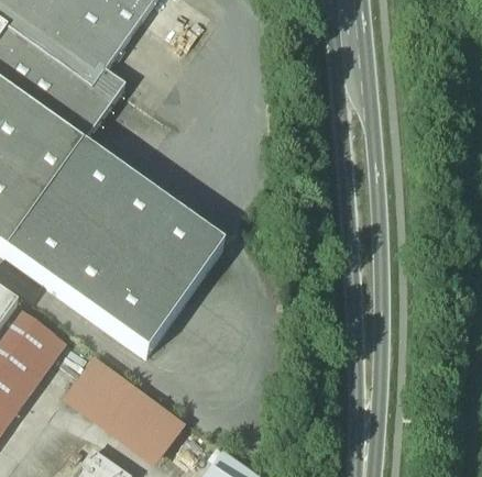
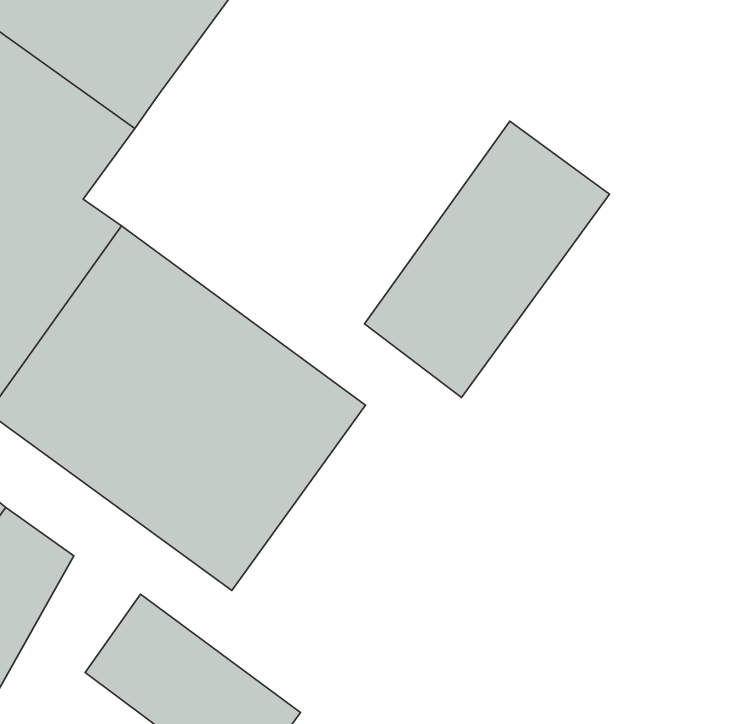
building: [59,68,123,143] -> none
building: none -> [364,121,609,398]

